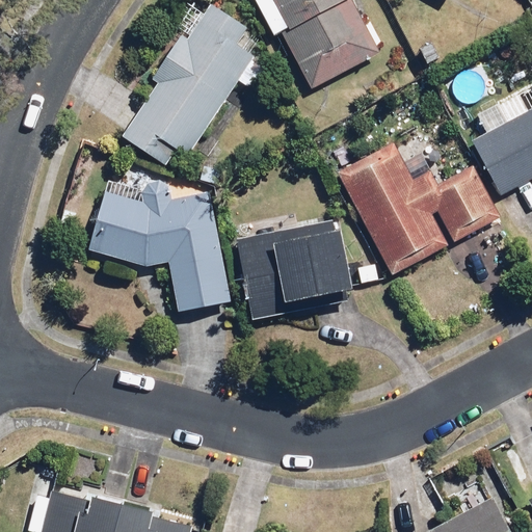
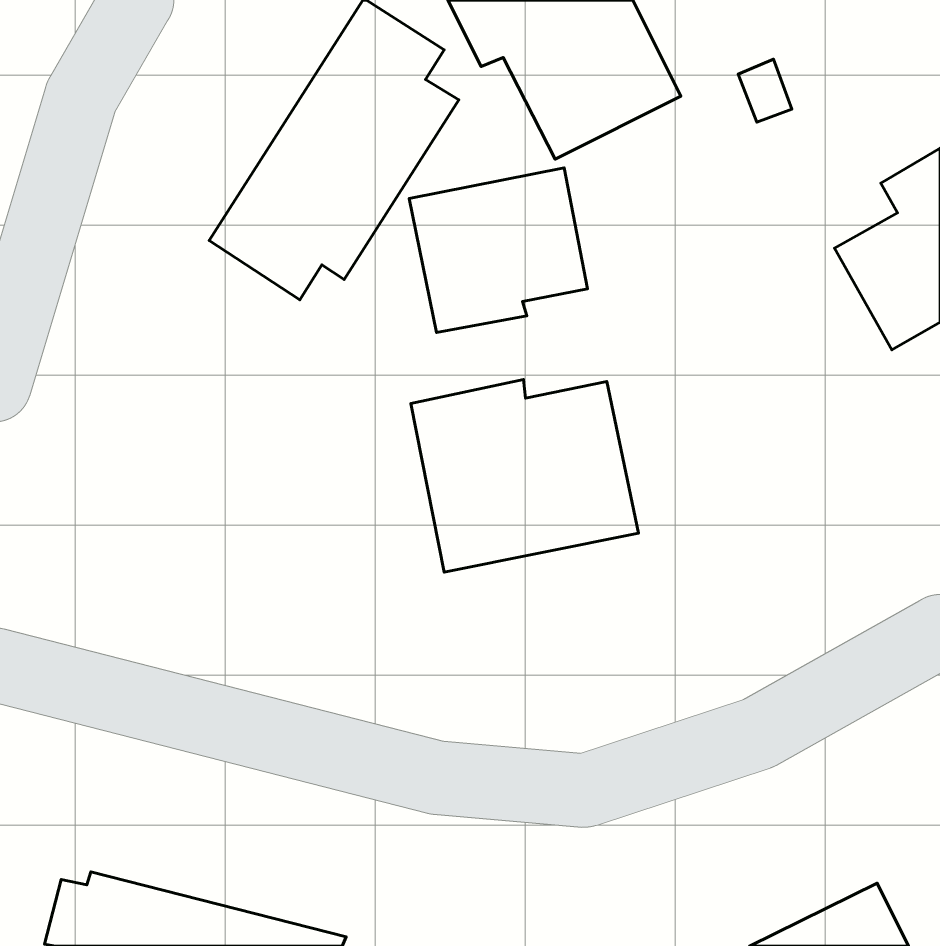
building: none -> [409,168,588,333]
building: [340,132,501,278] -> none
building: [88,172,234,316] -> none

